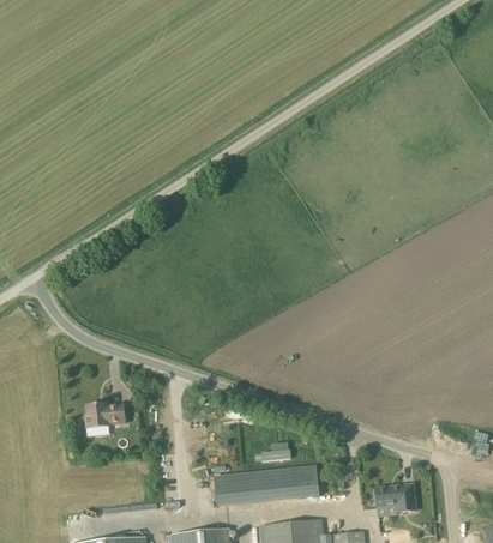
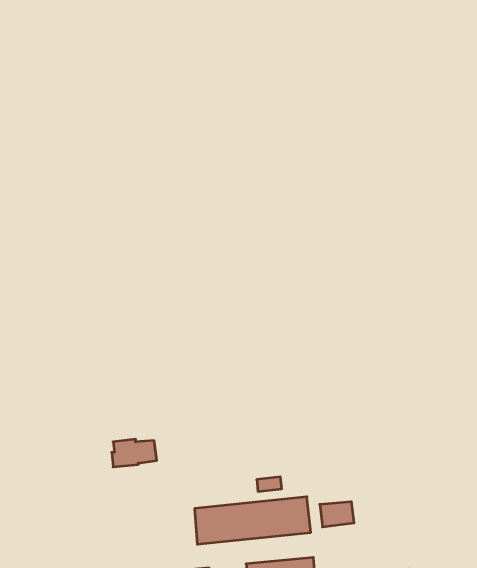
building: [85,400,126,426] -> [112,439,157,467]
building: [373,485,404,508] -> [320,502,354,527]

